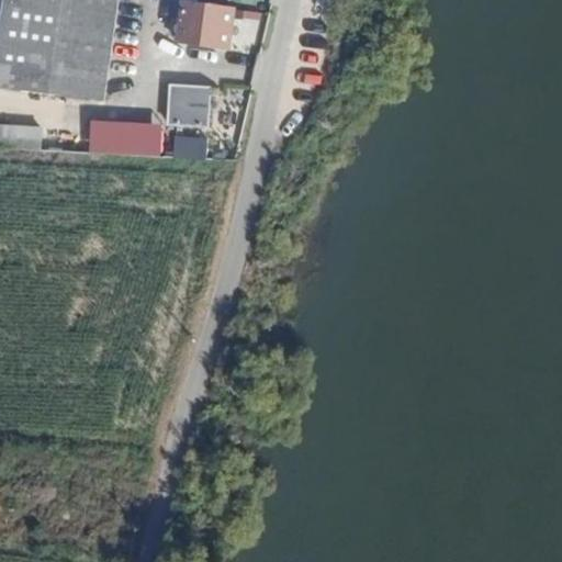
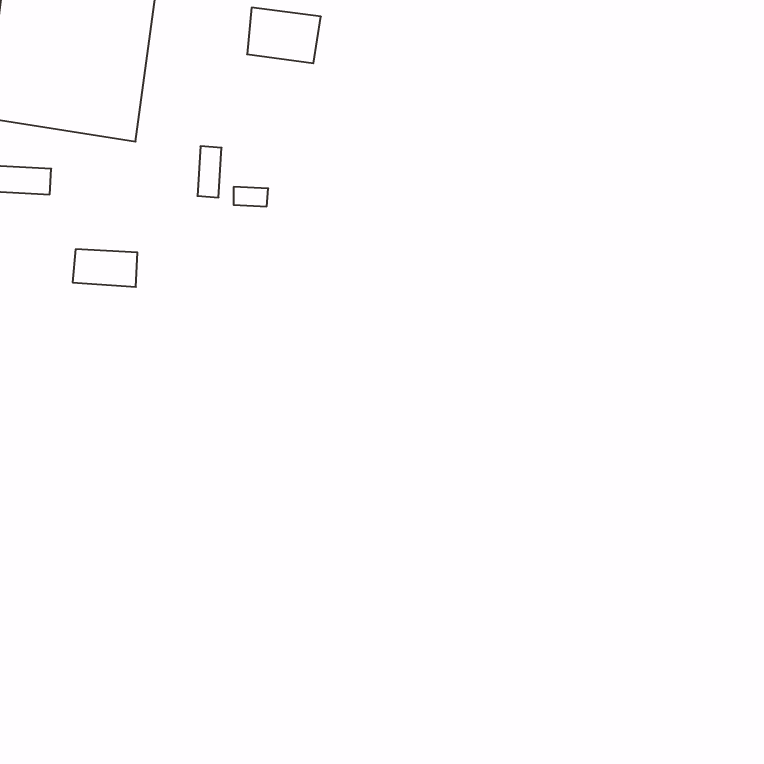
building: [170,91,211,132] -> none
building: [95,120,143,147] -> [73,249,137,287]

